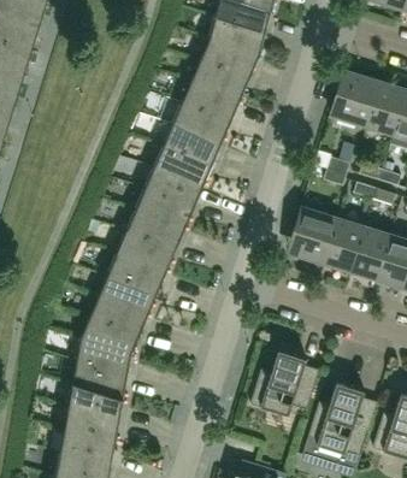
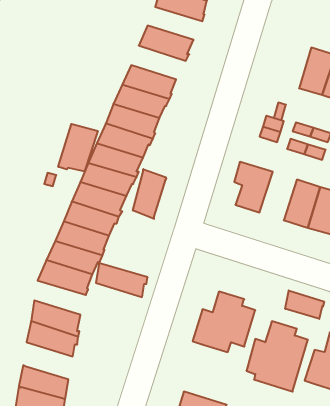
building: [200,37,260,73] -> none
building: [330,73,379,126] -> none
building: [182,79,242,117] -> none
building: none -> [58,124,98,172]
building: none -> [133,169,166,219]
building: [323,218,364,271] -> none
building: [76,337,132,374] -> [96,263,148,297]
building: none -> [285,290,324,319]
building: [64,405,118,445] -> none

